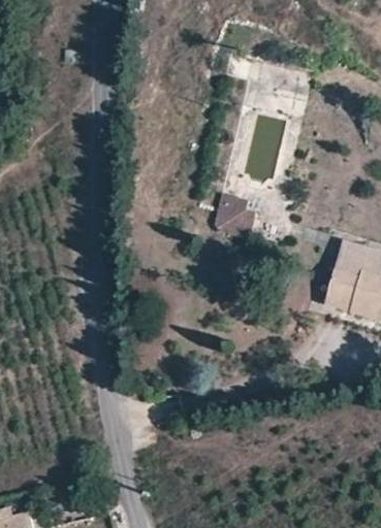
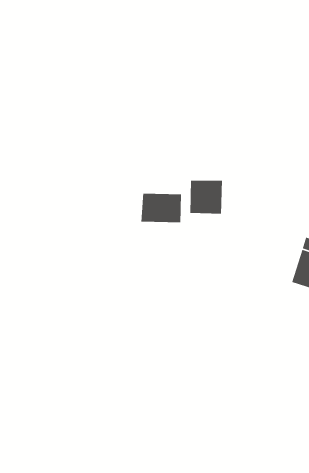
building: none -> [140,193,182,223]

